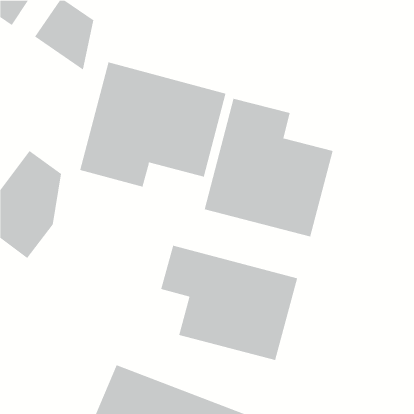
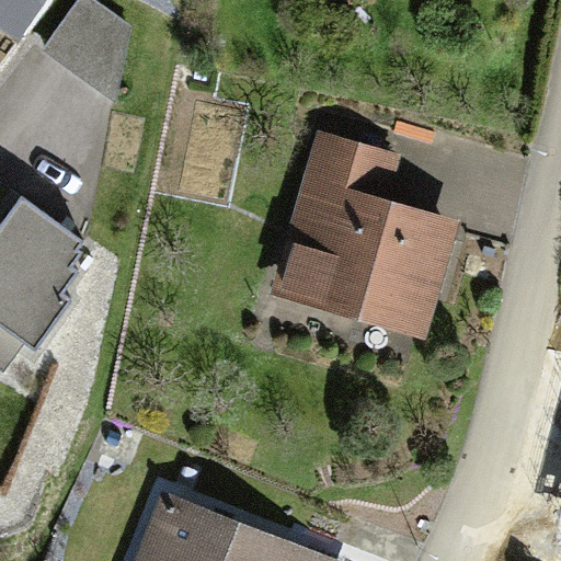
building: [79,62,226,188] -> none
building: [160,245,298,361] -> none

